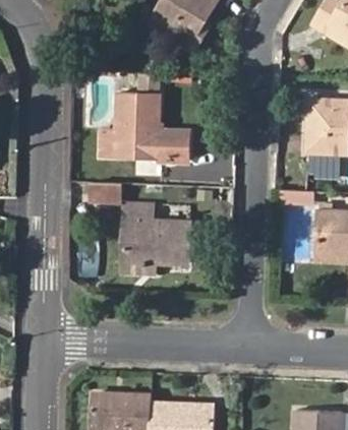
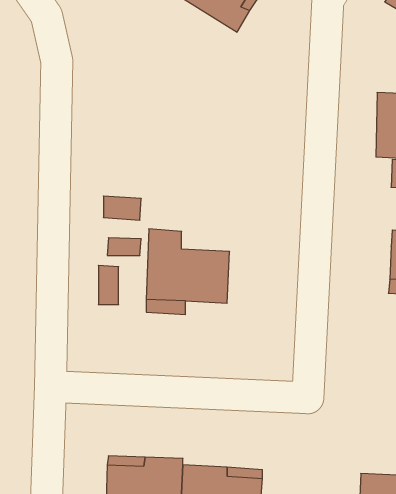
building: [99,98,185,165] -> none

